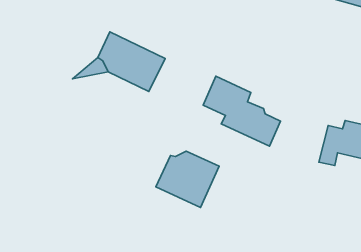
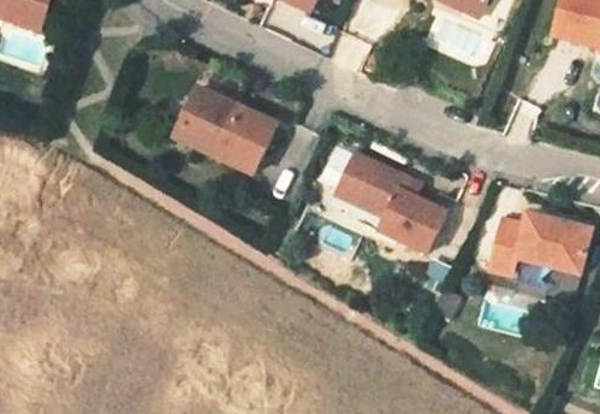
building: [156,151,219,207] -> none

